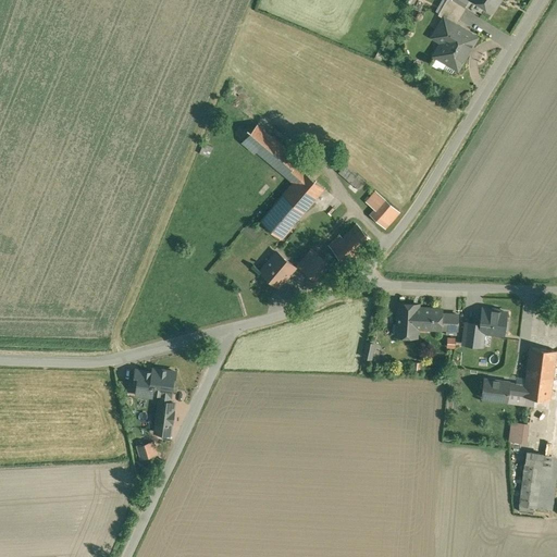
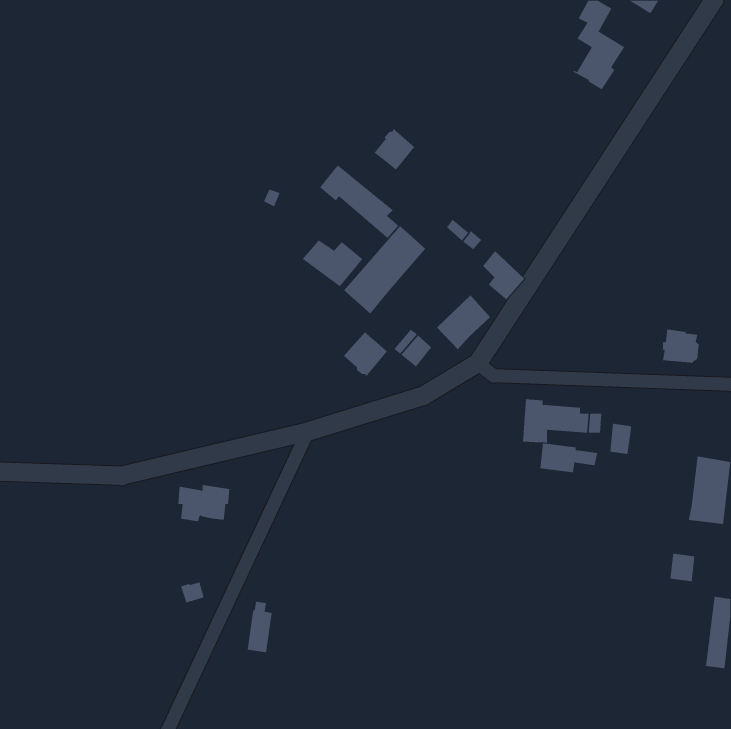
building: none -> [374,128,415,171]
building: none -> [302,239,363,287]
building: [480,309,508,335] -> [662,329,699,363]
building: [481,379,525,401] -> [539,443,598,473]
building: [154,396,174,435] -> [247,601,273,653]
building: [519,453,543,508] -> none

